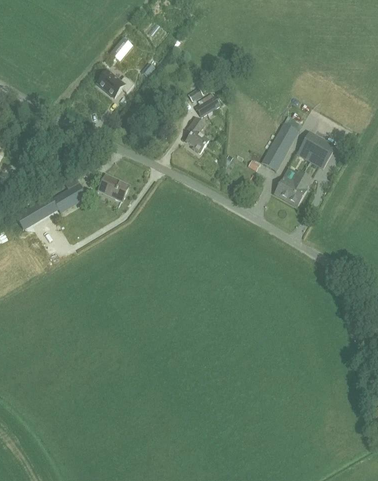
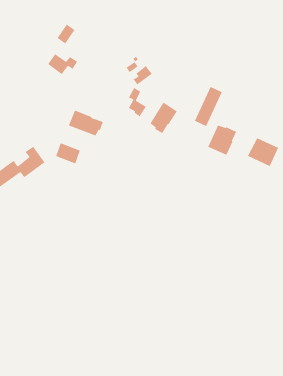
building: [297,132,335,168] -> [247,137,279,167]
building: none -> [149,102,178,134]
building: none -> [68,110,104,136]

